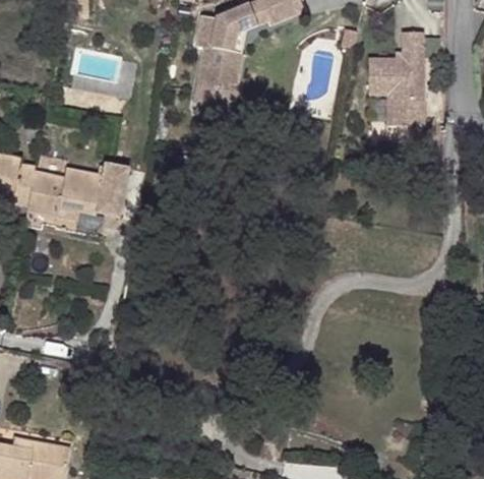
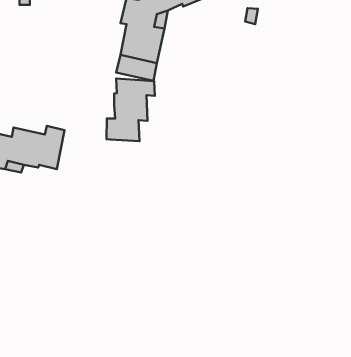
building: [369,32,425,126] -> none
building: none -> [106,79,155,141]

